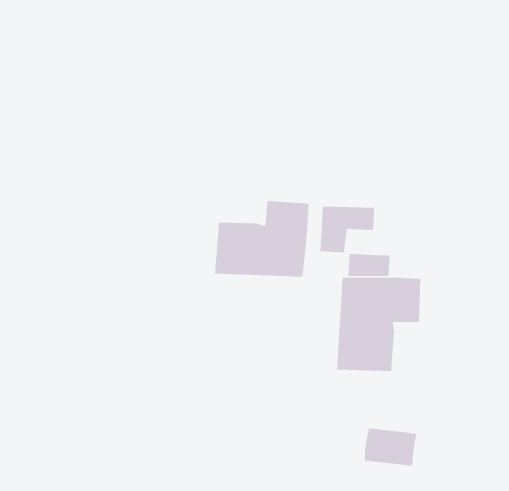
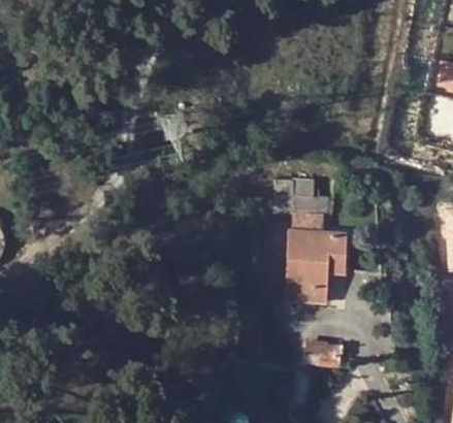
building: [214,200,309,278] -> none

